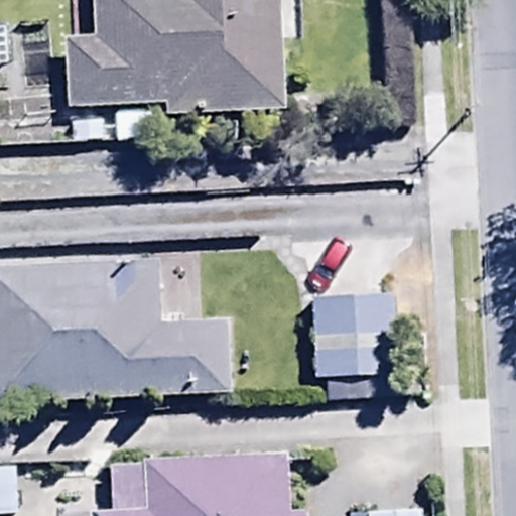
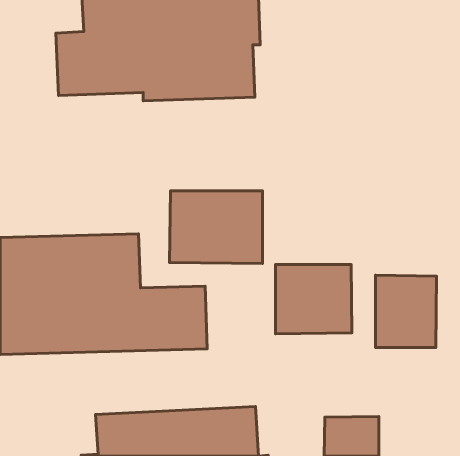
building: none -> [169,191,263,263]
building: none -> [375,275,437,347]

